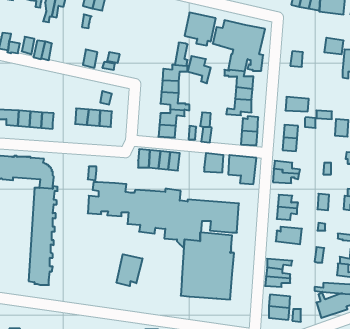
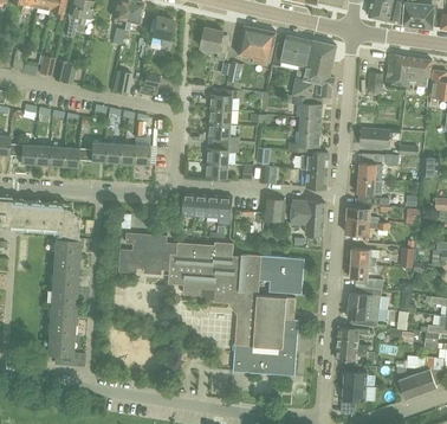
building: none -> [149,15,173,49]
building: none -> [386,53,410,85]
building: [188,56,211,83] -> [200,27,228,60]
building: none -> [77,135,106,161]
building: none -> [346,304,378,327]
building: [117,254,142,286] -> none

